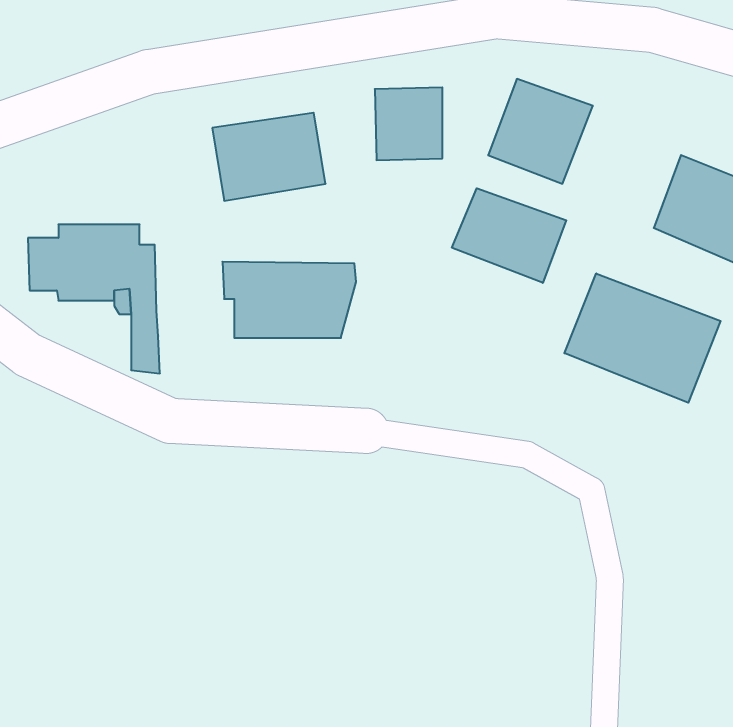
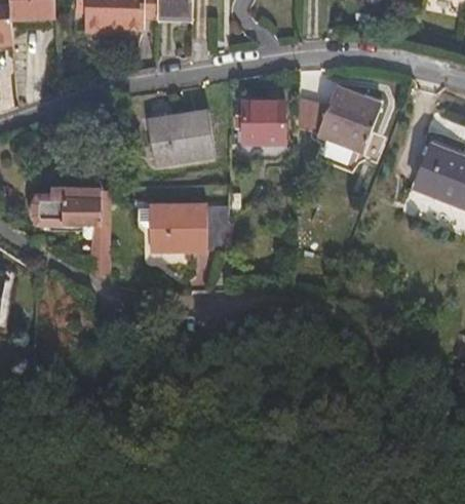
building: [452,188,566,283] -> none
building: [564,273,721,403] -> none

